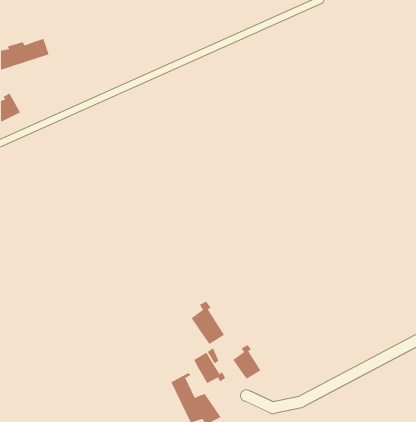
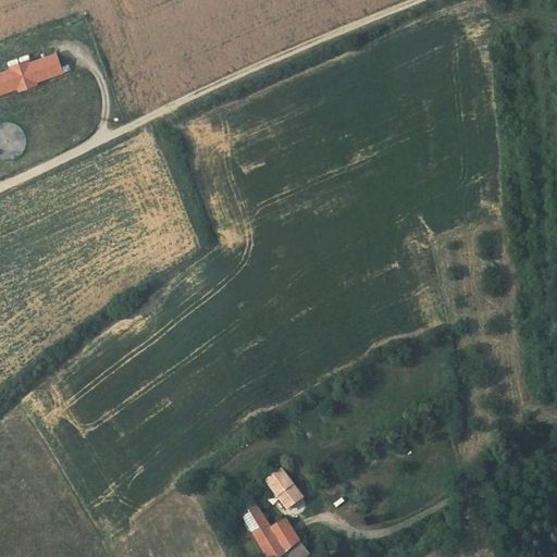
building: [191,301,225,345] -> none
building: [232,344,261,380] -> none

